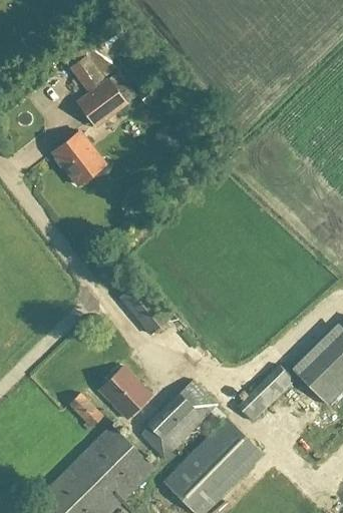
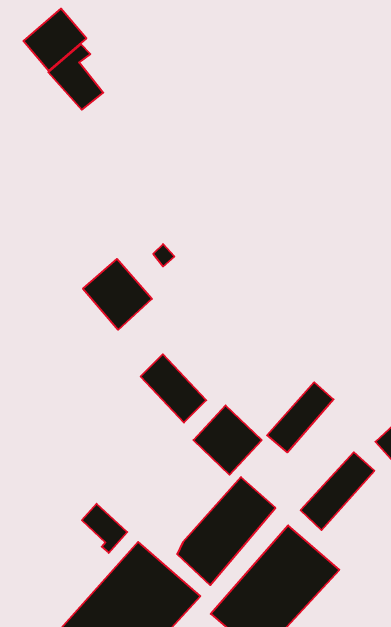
building: [78,80,126,127] -> [23,9,86,71]
building: [52,131,104,185] -> [83,259,152,330]
building: none -> [267,382,334,452]
building: [97,370,149,423] -> [193,405,262,475]

